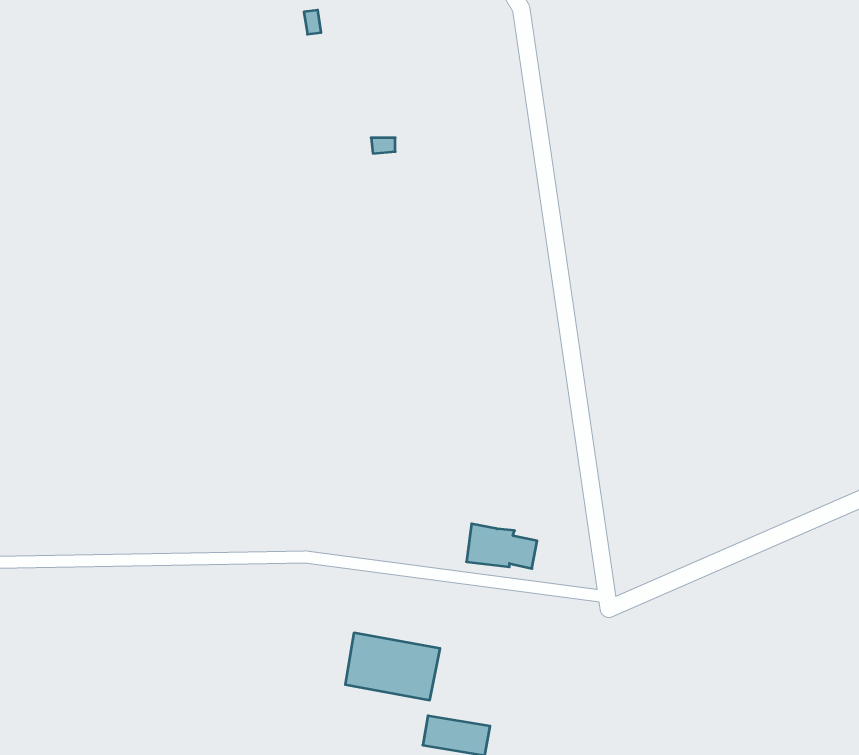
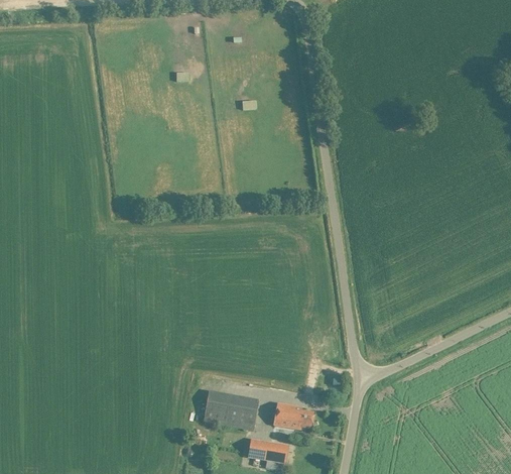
building: [466,524,537,569] -> [274,400,315,427]

